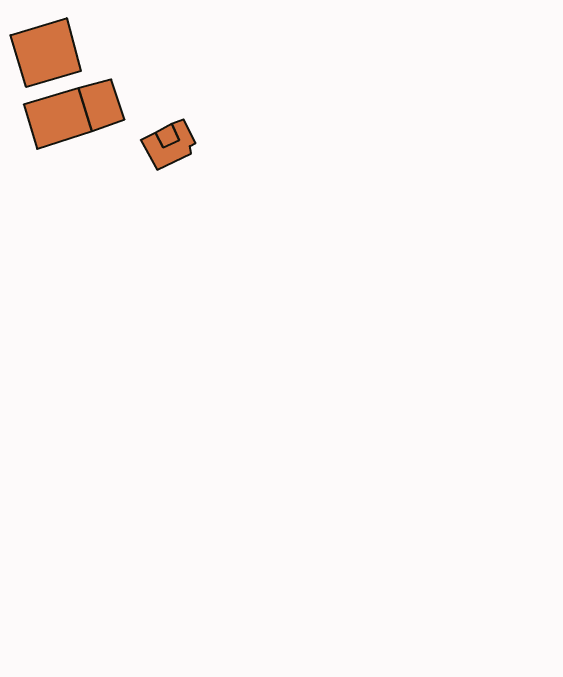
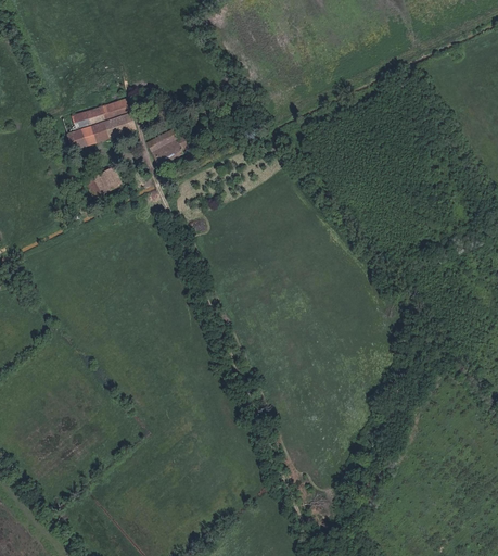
building: [10,18,81,87] -> none
building: none -> [85,167,122,198]

